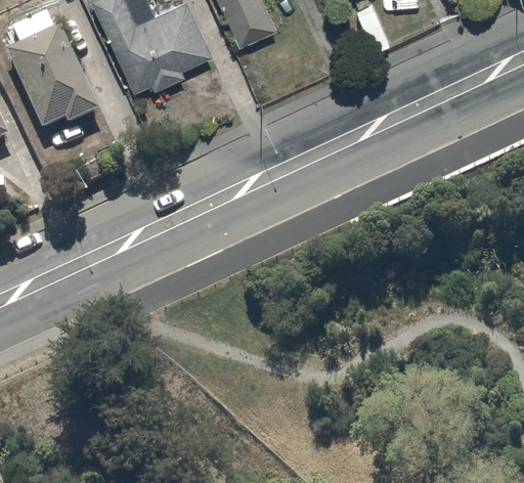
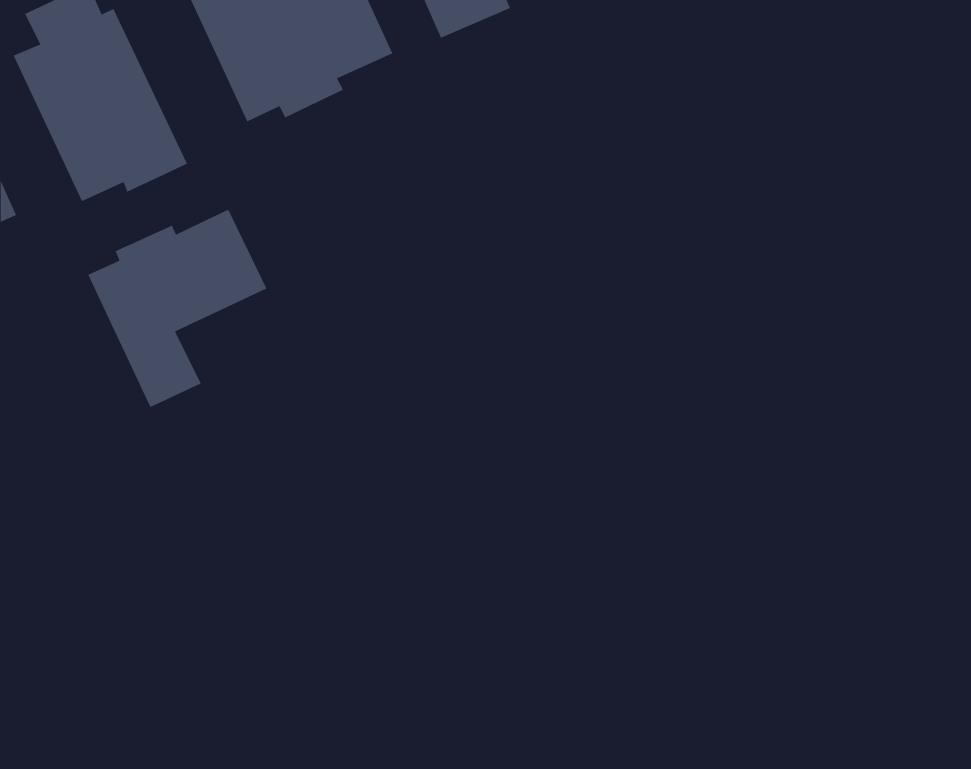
building: none -> [87,209,267,408]

